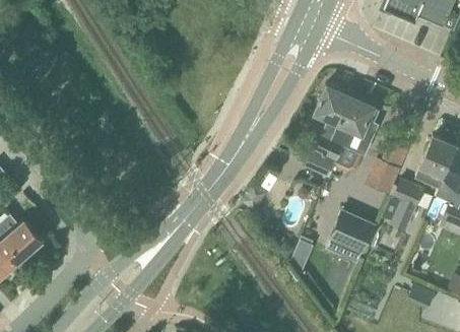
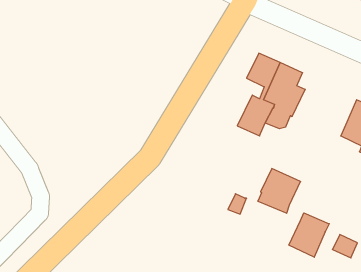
building: [365,157,400,193] -> none
building: [386,182,423,228] -> none
building: none -> [289,213,329,257]

